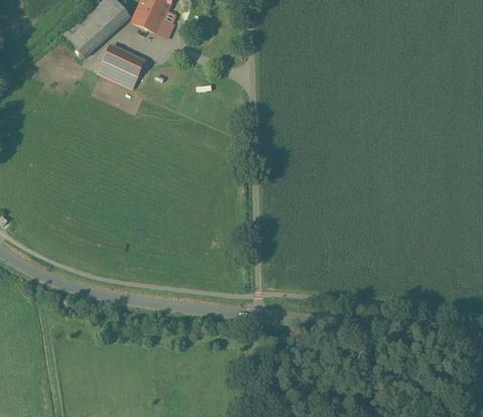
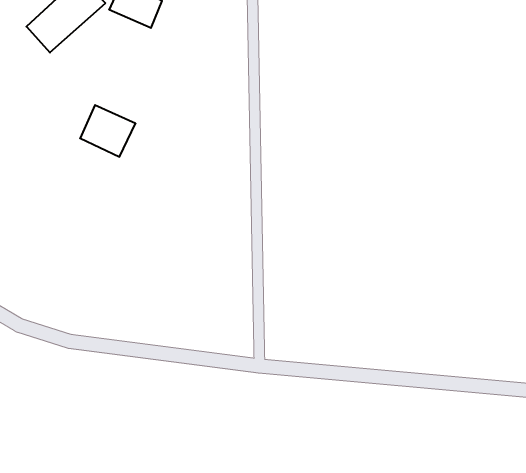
building: [100,45,145,88] -> [80,105,136,157]

